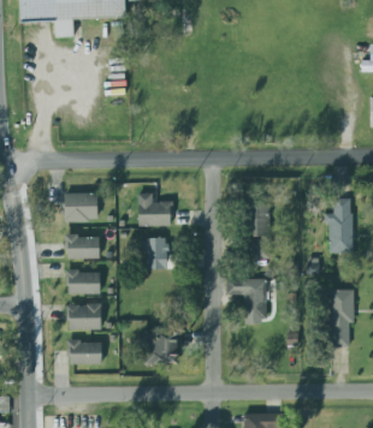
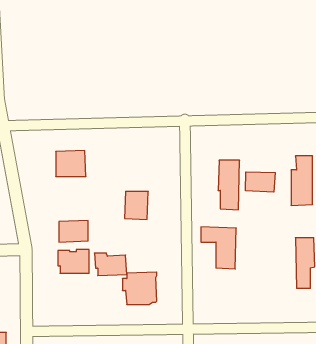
building: [137,192,171,226] -> none
building: none -> [246,172,275,192]
building: [64,233,99,258] -> none
building: [66,339,102,364] -> [94,253,127,276]

